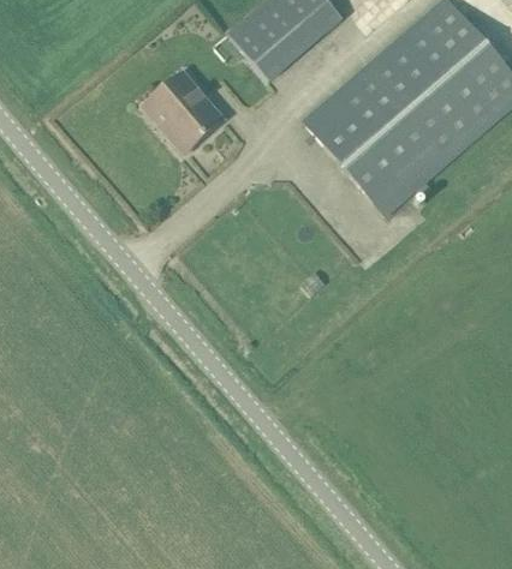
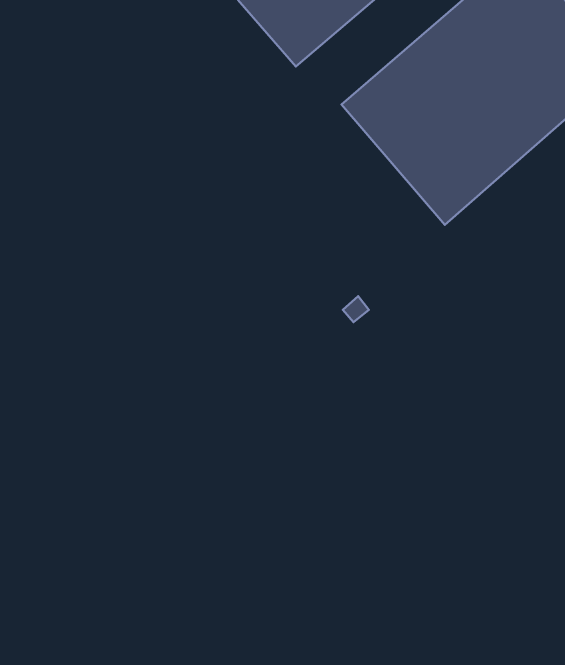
building: [145,70,225,150] -> none

